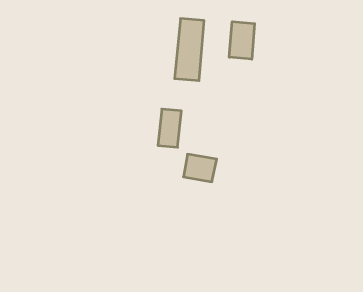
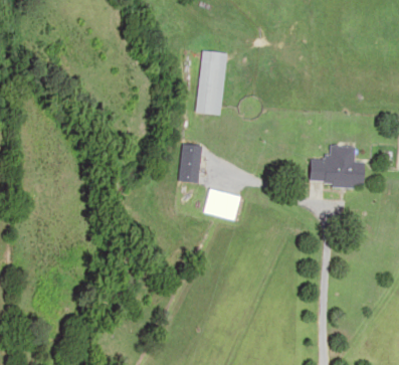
building: [229,22,255,59] -> none
building: none -> [307,145,363,188]

